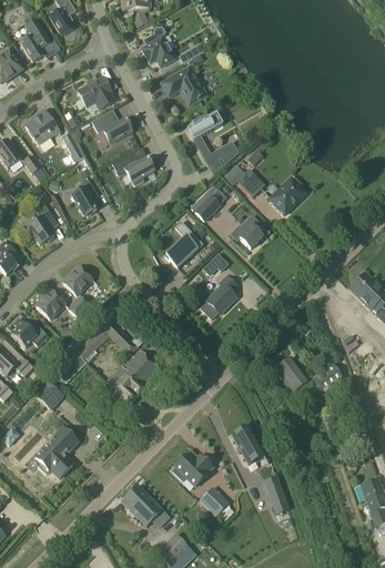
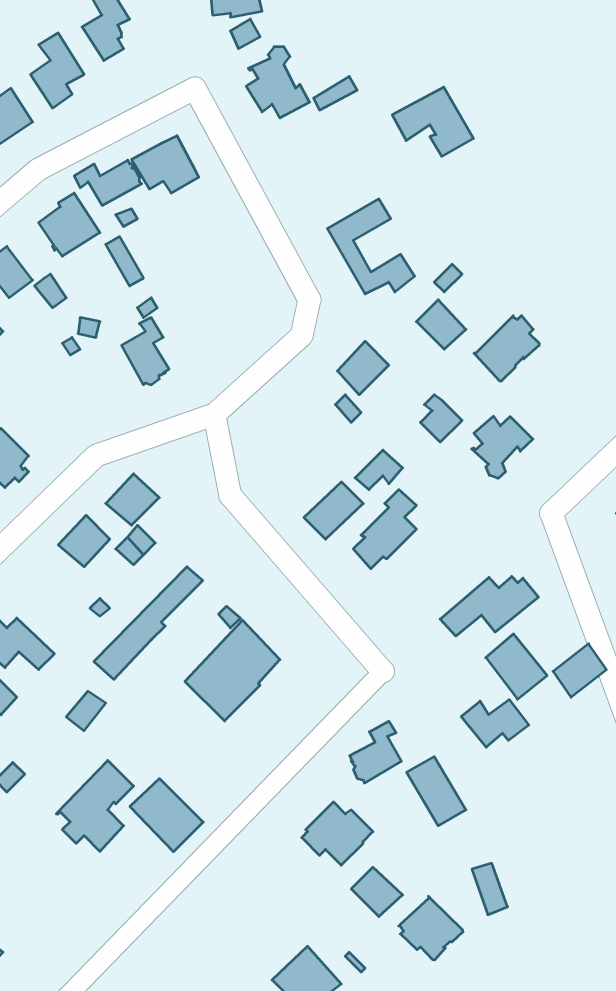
building: [161,67,206,105] -> [392,87,473,156]
building: [94,118,132,143] -> [74,160,142,205]
building: [111,152,153,186] -> none
building: [27,204,59,244] -> none
building: [161,231,194,263] -> [304,482,363,539]
building: none -> [472,416,533,478]
building: [10,318,48,347] -> none
building: none -> [440,576,538,636]
building: none -> [461,700,529,747]
building: none -> [350,721,401,783]
building: [122,485,163,526] -> [130,779,203,852]
building: none -> [399,896,463,960]

